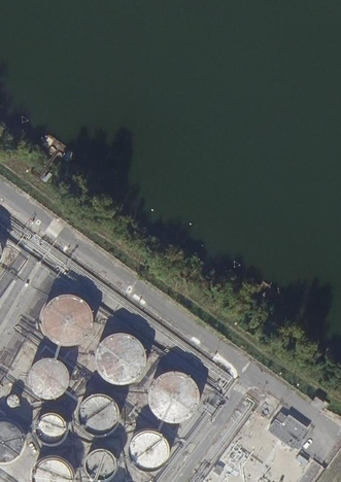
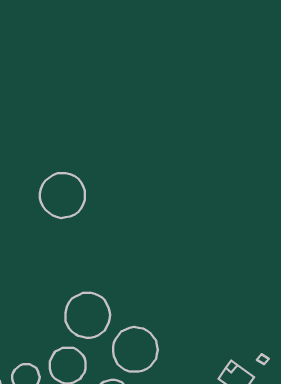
building: [41,295,92,345] -> [40,173,85,218]
building: [28,356,69,398] -> none

